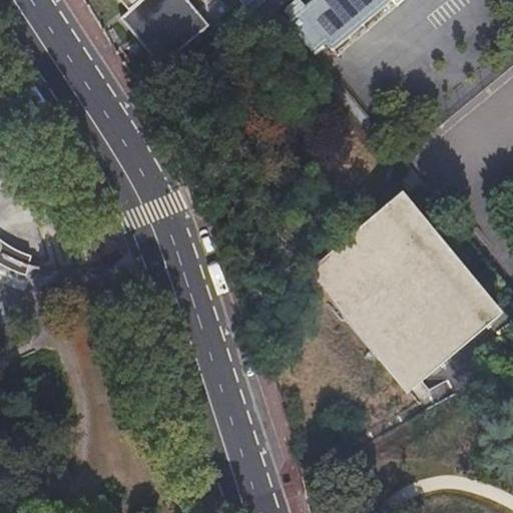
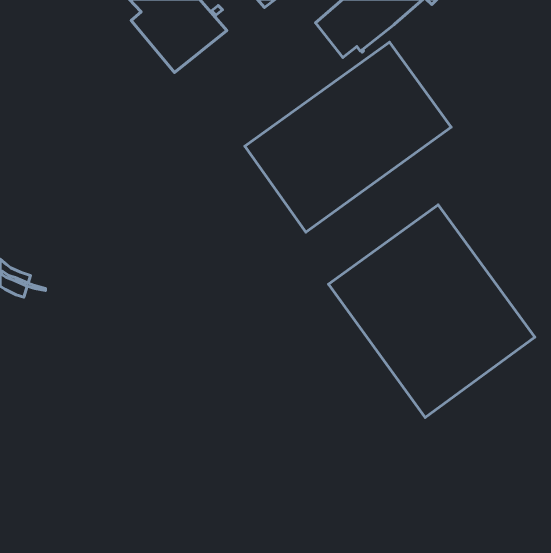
building: none -> [245,42,451,232]

